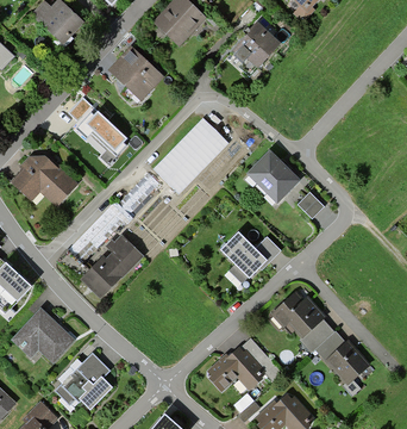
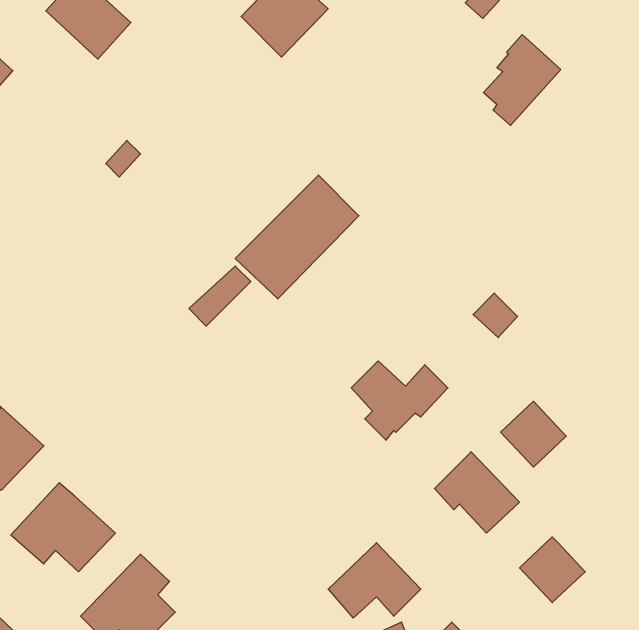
building: [233,19,281,75] -> [483,35,561,126]
building: [109,45,164,100] -> none
building: [77,111,127,163] -> none
building: [245,150,299,204] -> none
building: [12,158,79,205] -> none
building: [79,236,142,299] -> none
building: [305,319,345,360] -> [501,401,566,467]

